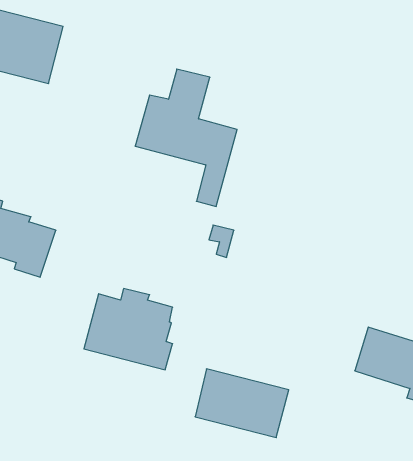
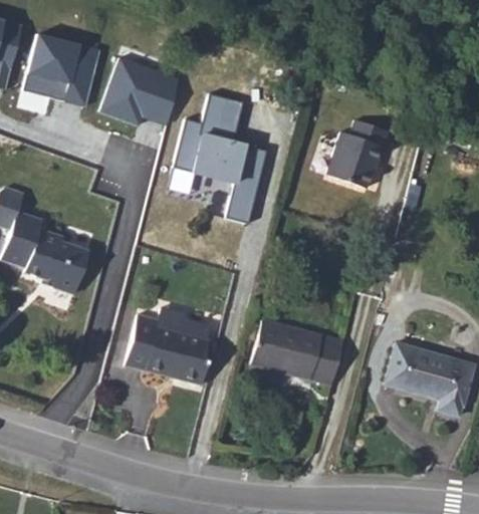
building: none -> [98,54,184,127]
building: none -> [322,117,383,185]
building: [195,369,289,438] -> [254,315,344,381]

